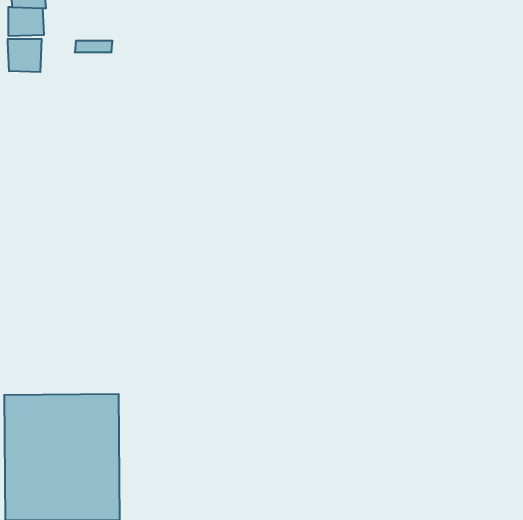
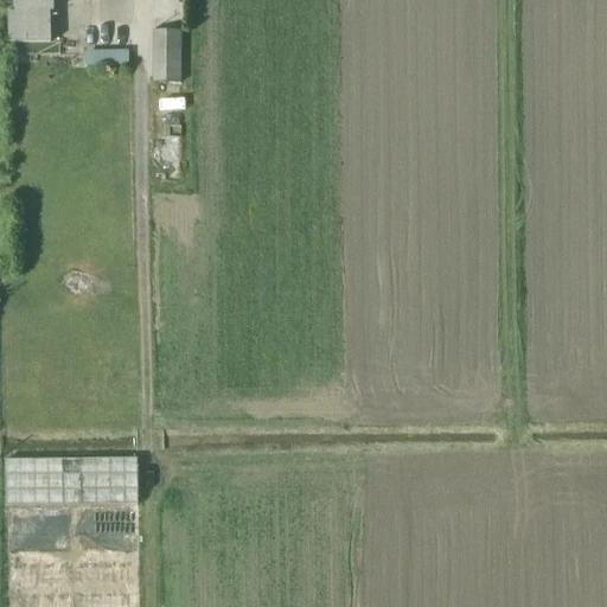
building: none -> [154,28,180,82]
building: [8,39,41,72] -> none

